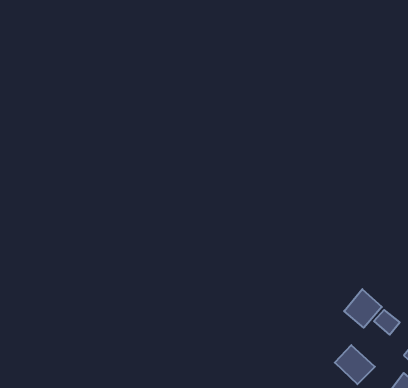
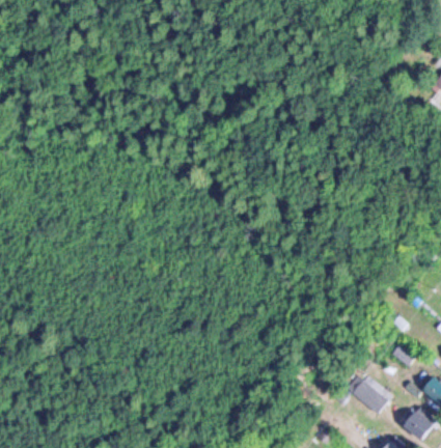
building: [344,289,382,328] -> none

